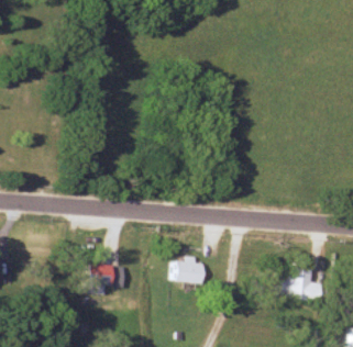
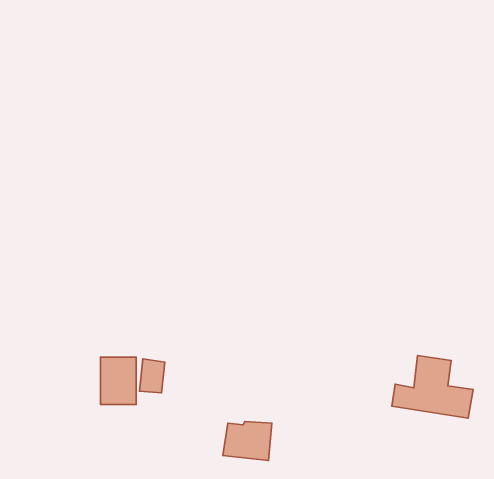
building: [174,257,206,282] -> [223,422,272,461]

